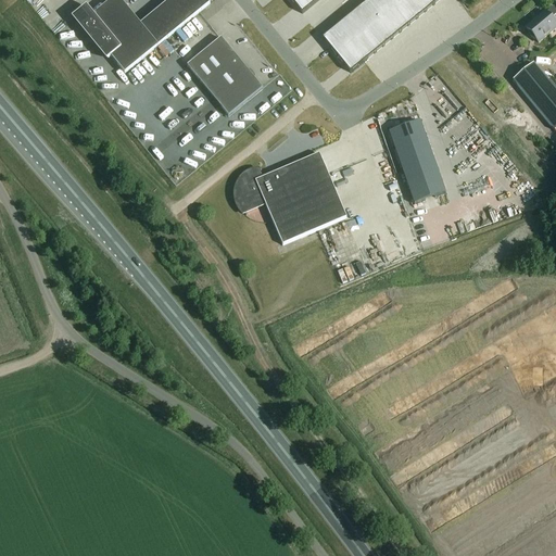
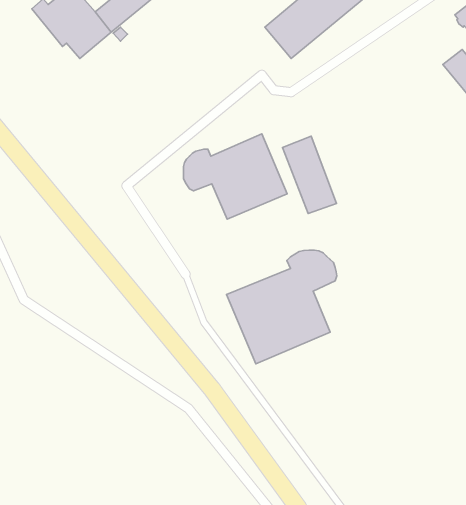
building: [187,34,263,112] -> none
building: [388,115,445,198] -> [283,136,336,214]
building: none -> [227,250,337,364]

